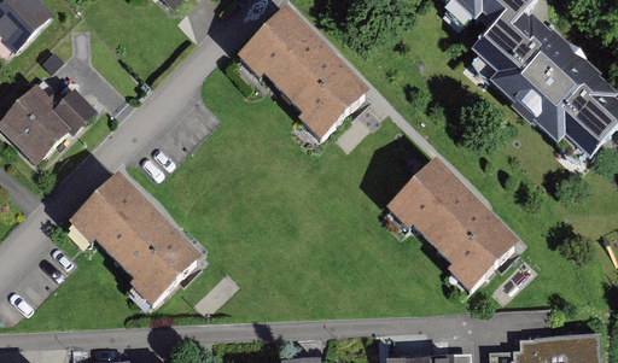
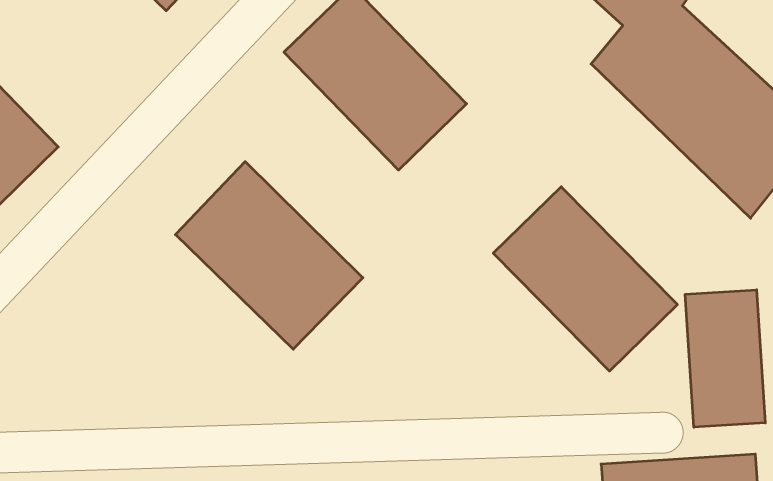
building: [72,162,209,298] -> [175,162,363,349]
building: none -> [685,290,765,427]

